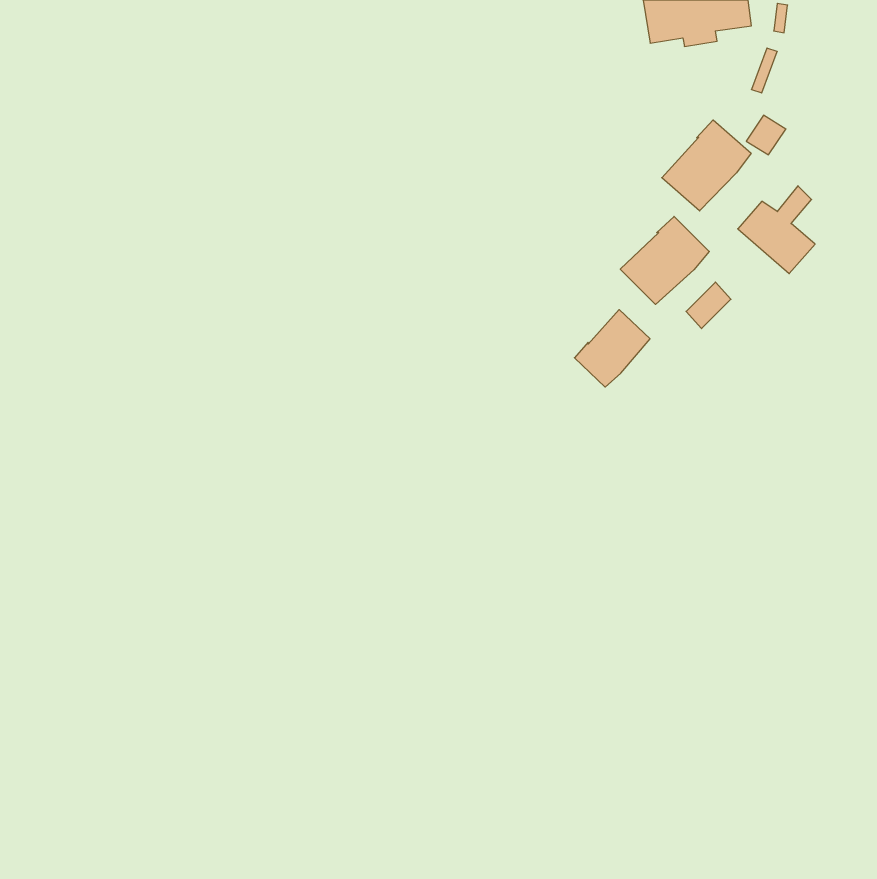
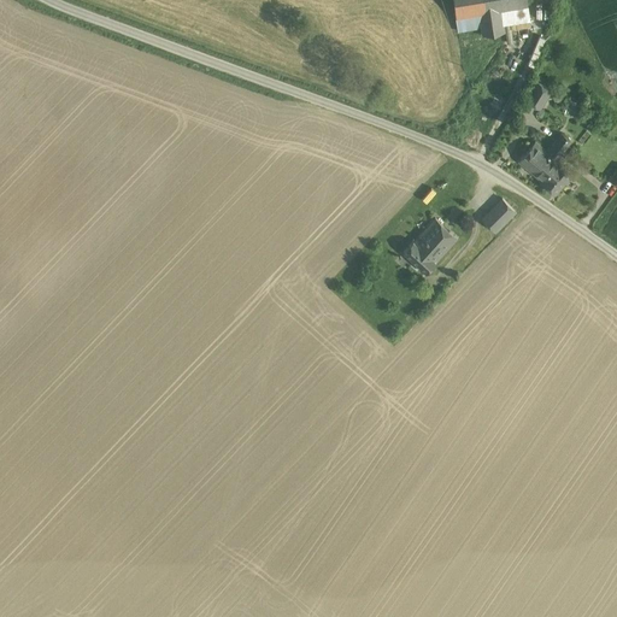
building: [662,120,751,211] -> none
building: [620,216,709,304] -> none

